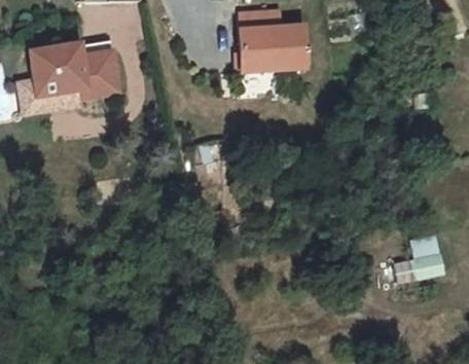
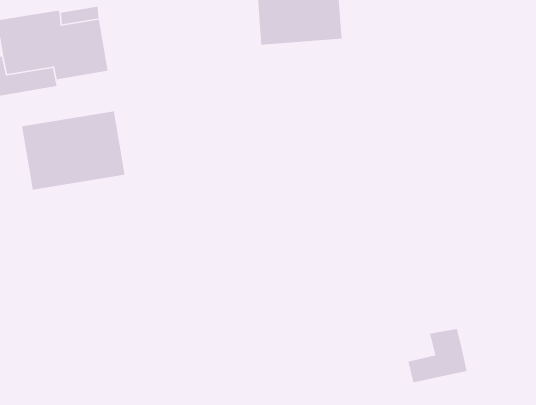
building: none -> [21,111,125,190]
building: [395,236,443,281] -> [408,328,468,383]

